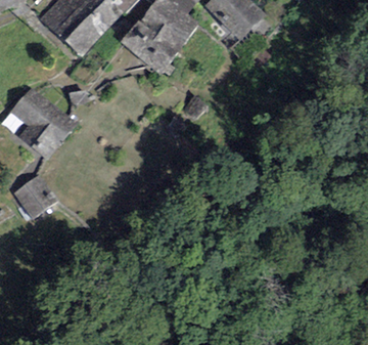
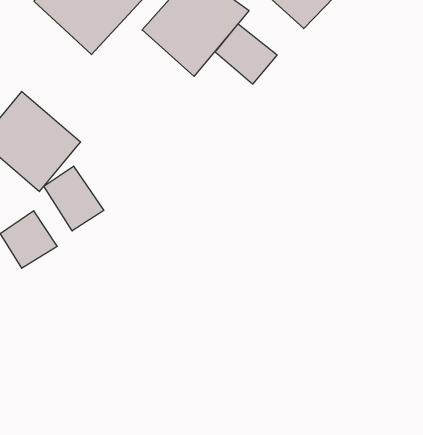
building: none -> [215,24,277,84]
building: none -> [44,166,104,231]

